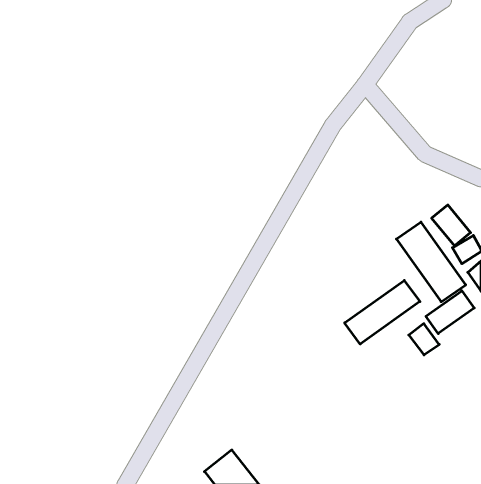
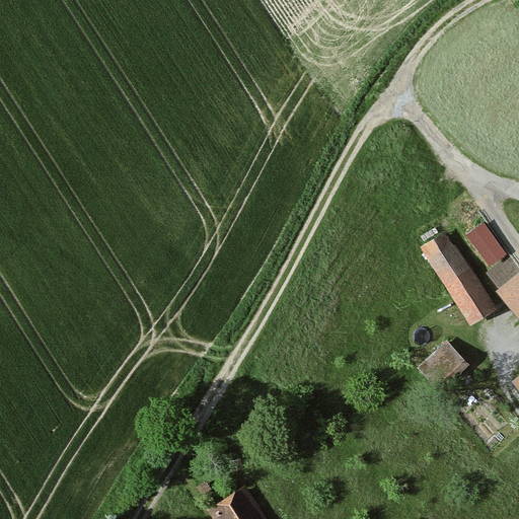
building: [345,280,420,344] -> none
building: [426,291,474,334] -> none

